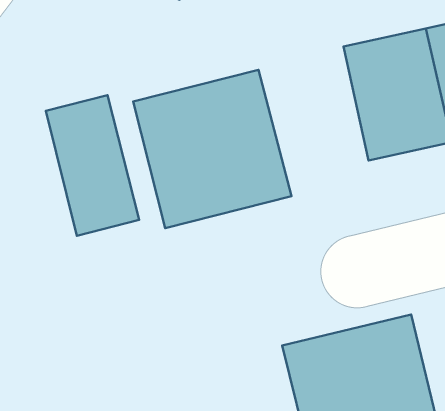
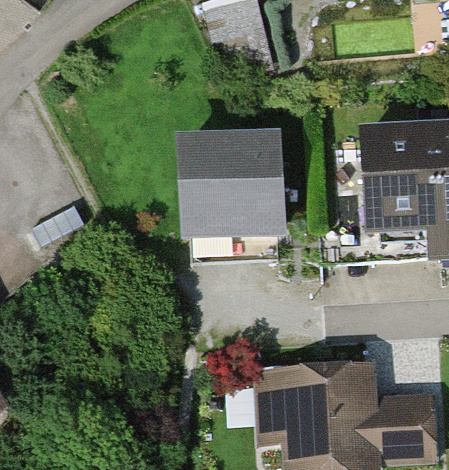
building: [46,95,139,236] -> none

